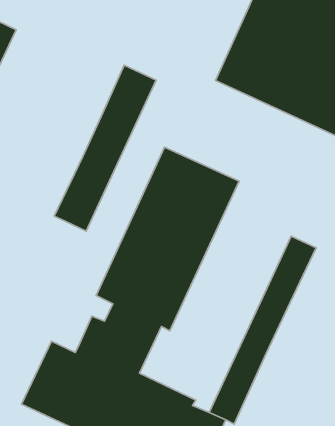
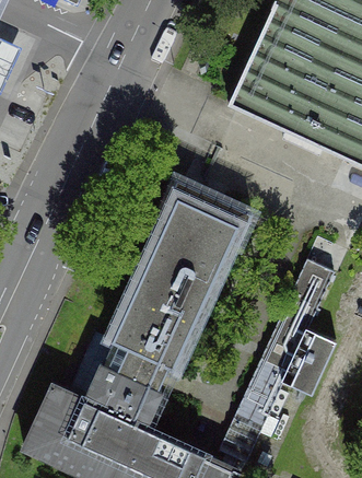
building: [54,65,156,231] -> none
building: none -> [282,338,338,406]

